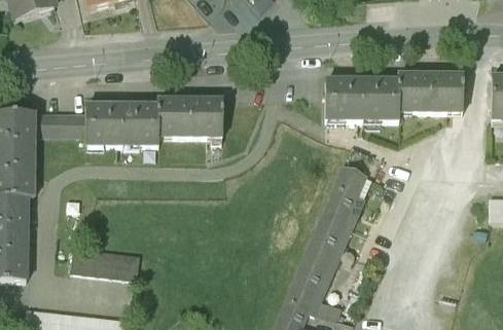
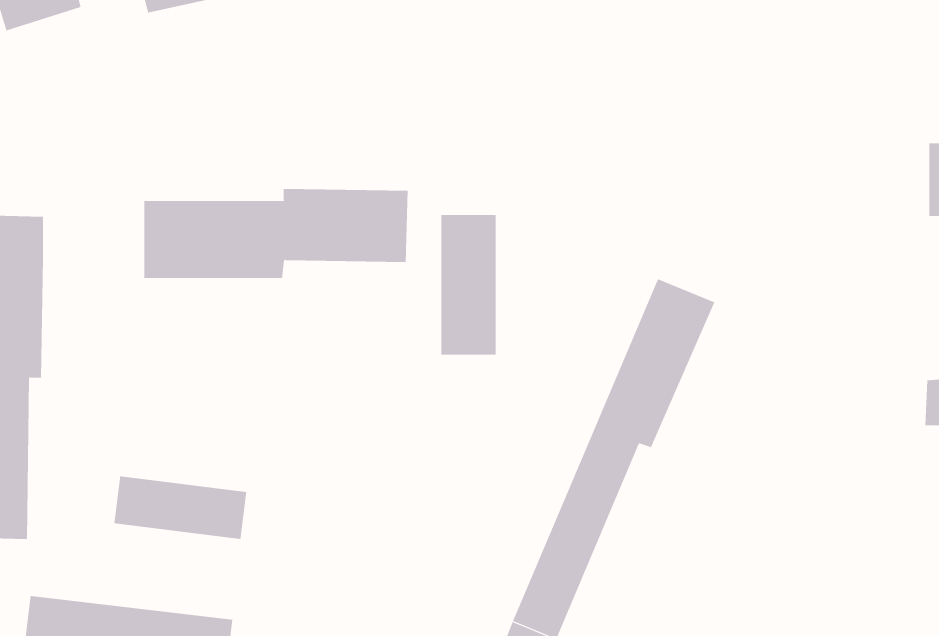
building: [325,74,462,120] -> none
building: none -> [441,214,496,355]
building: [34,113,85,136] -> none

